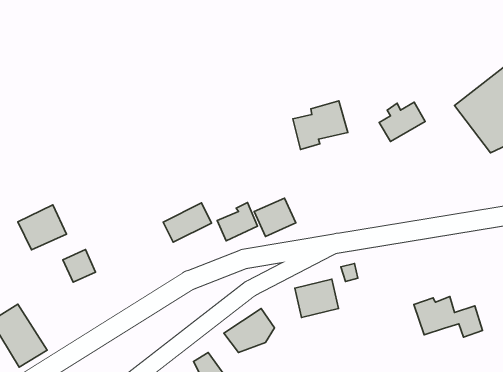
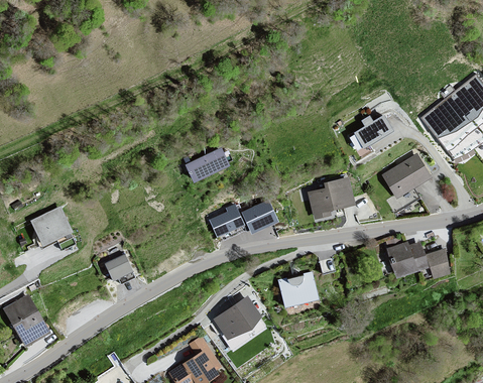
building: [293,101,348,149] -> [307,176,356,220]
building: none -> [382,152,432,199]
building: [163,203,212,242] -> [186,148,229,183]
building: [63,250,96,282] -> [104,253,133,282]
building: [414,297,483,337] -> [388,242,450,278]

